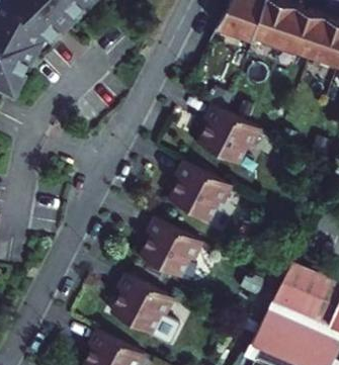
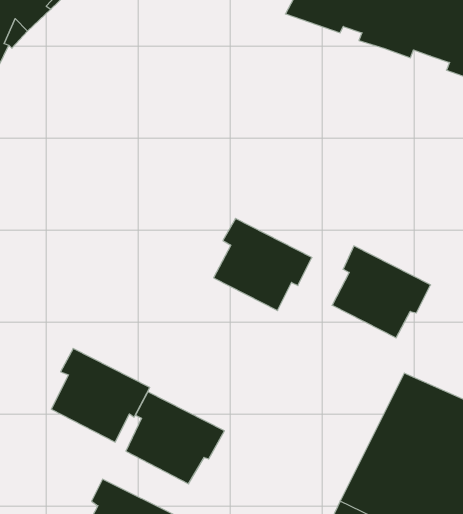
building: [196,105,260,165] -> [332,246,431,338]
building: [140,217,203,278] -> [51,348,150,442]

